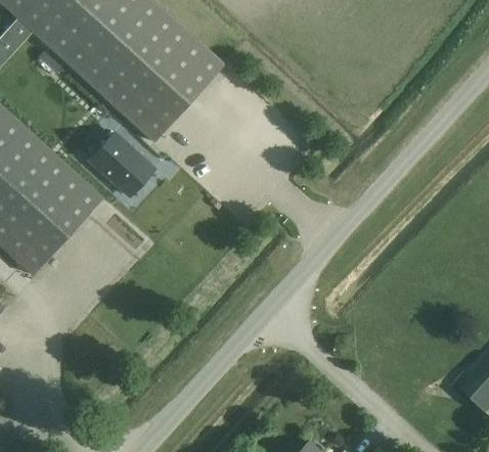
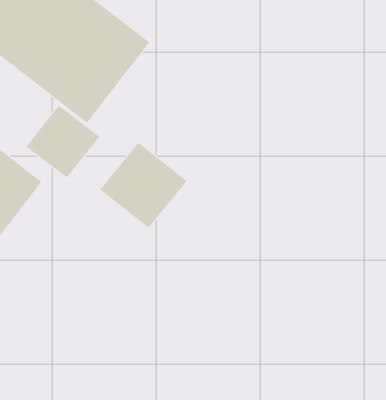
building: none -> [100,142,188,229]

